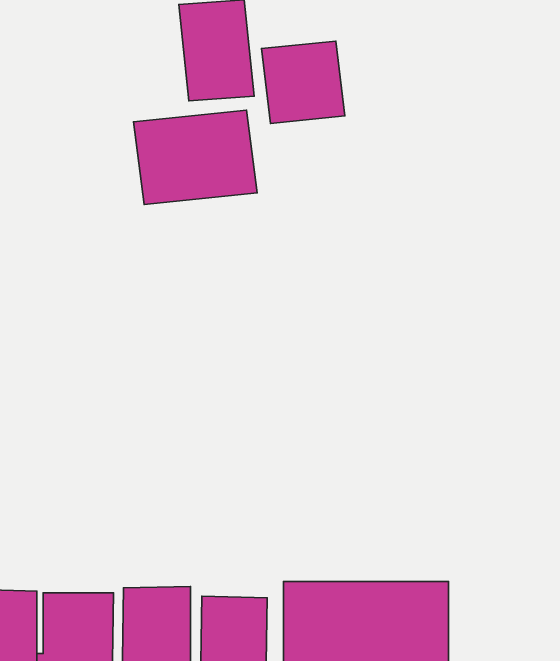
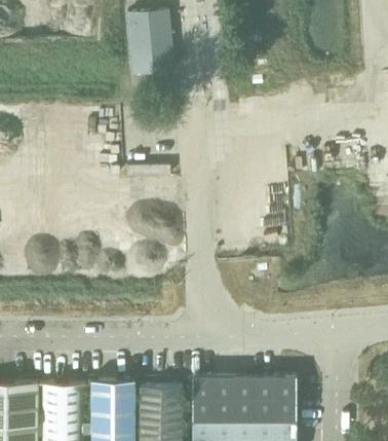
building: [261,41,345,123] -> none
building: [134,110,257,204] -> none

